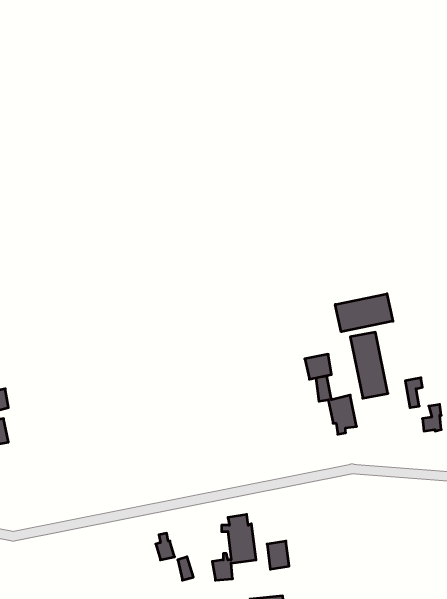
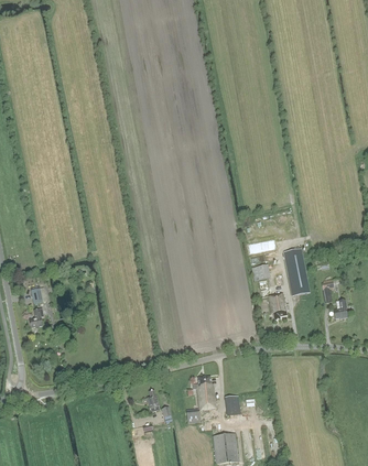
building: [335,294,393,332] -> none

